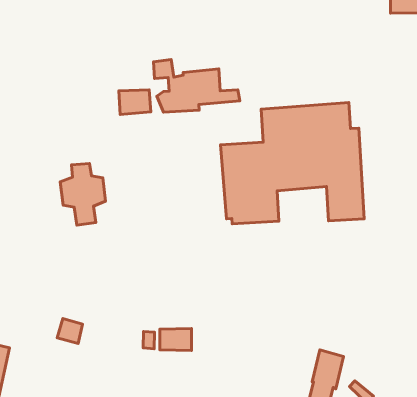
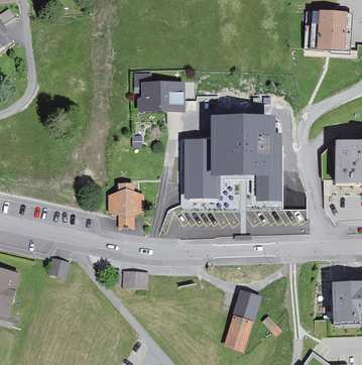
building: [119,90,151,114] -> none
building: [60,164,106,225] -> [110,185,142,229]

